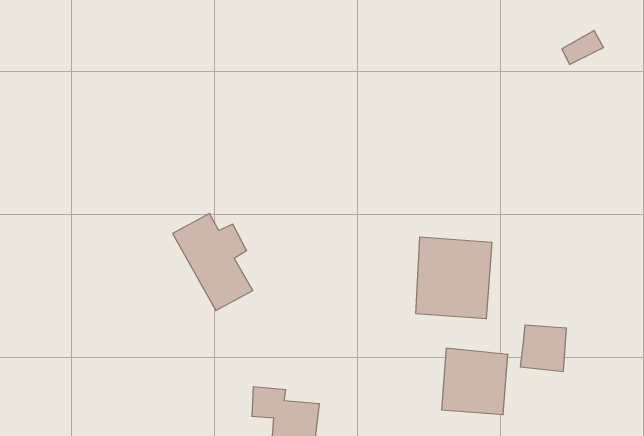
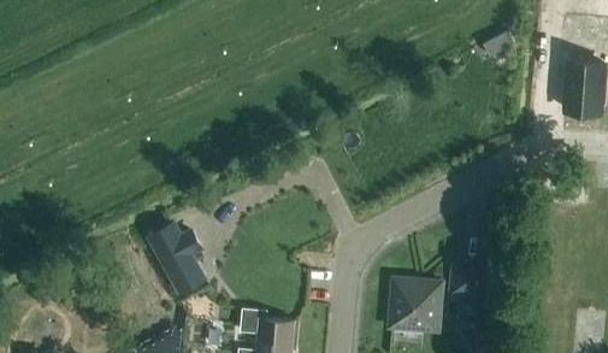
building: [173,213,253,311] -> [147,220,209,296]
building: [416,237,492,319] -> none

